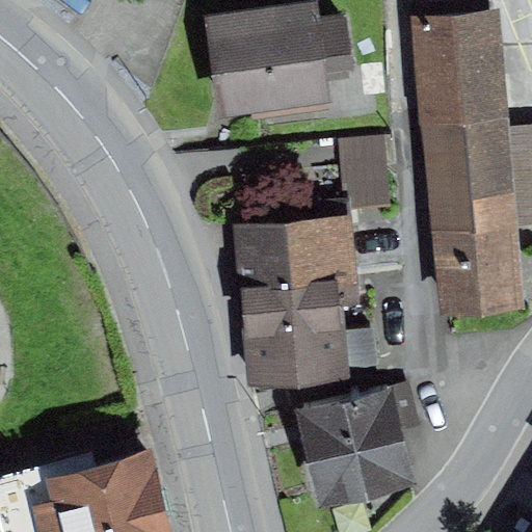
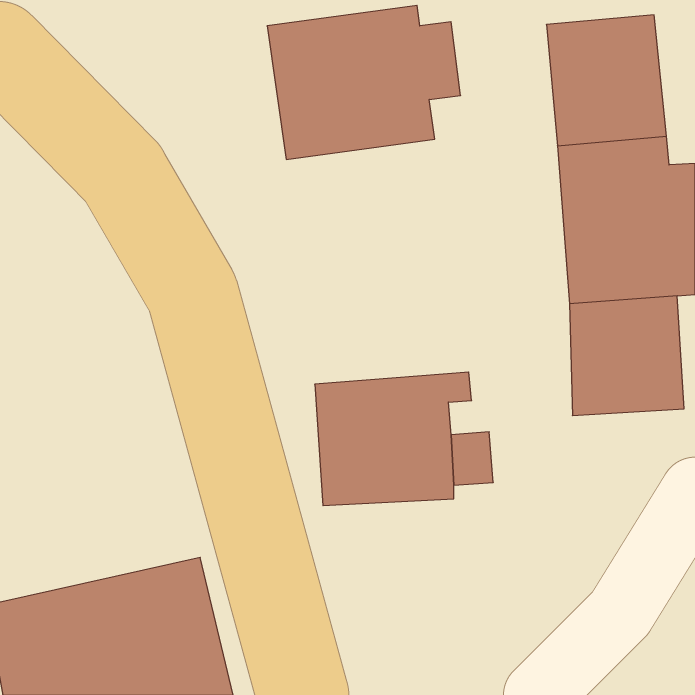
building: [338,135,393,210] -> none
building: [235,218,357,293] -> none
building: [291,380,419,514] -> none

